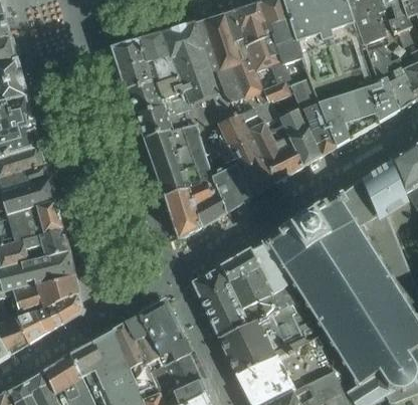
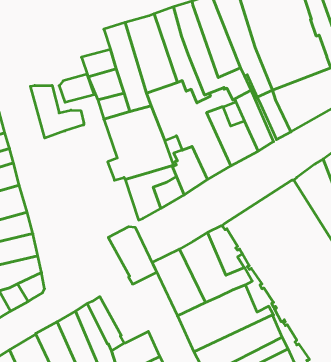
building: [114,39,150,68] -> [59,74,94,102]
building: none -> [30,85,84,138]
building: [139,306,189,365] -> [108,227,157,284]

